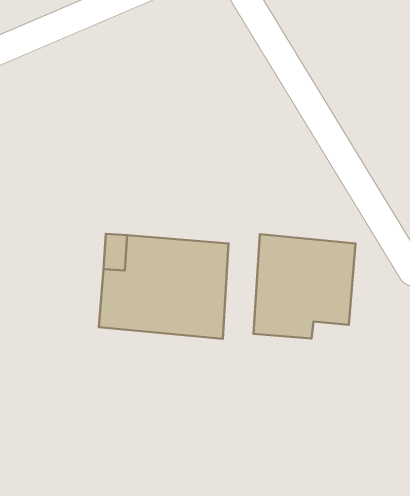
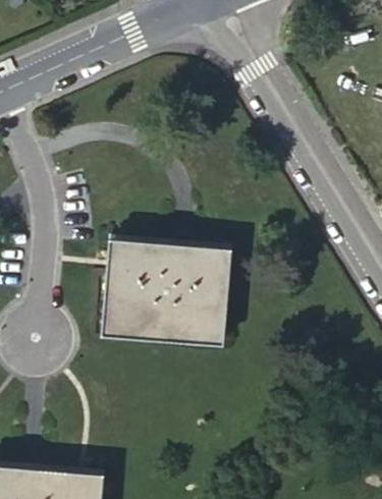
building: [253,234,356,339] -> none

